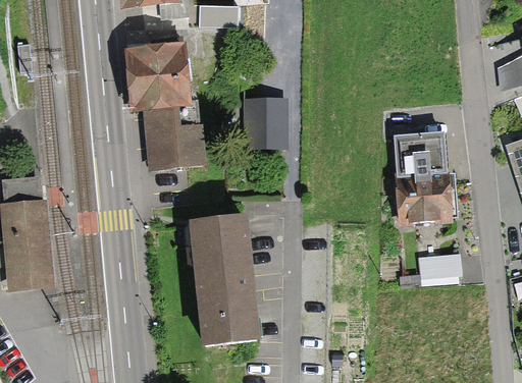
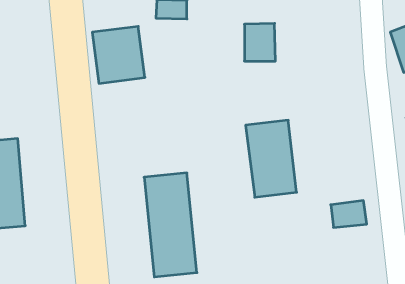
building: [247,99,284,145] -> [244,23,275,61]
building: [146,106,201,172] -> none
building: [390,128,453,222] -> [246,120,297,197]

